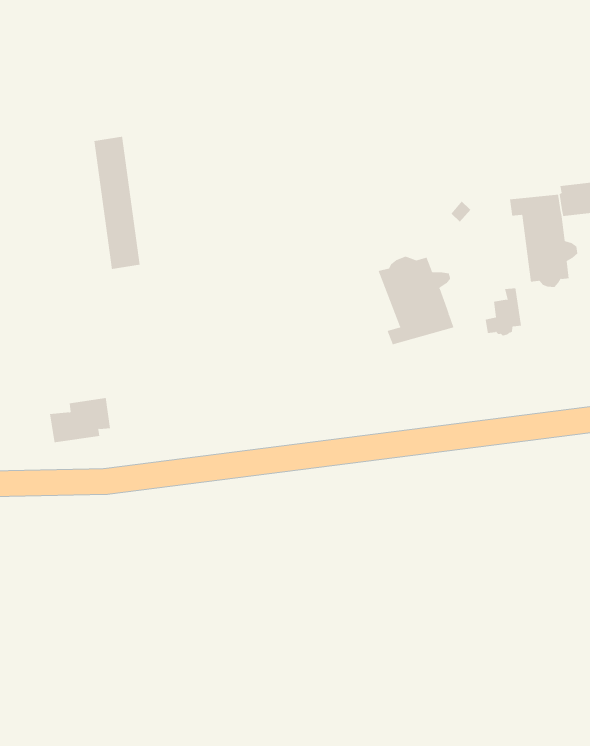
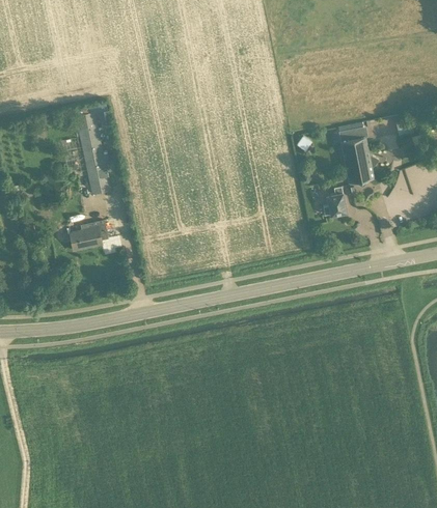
building: [378,256,454,345] -> none
building: [49,398,111,443] -> [70,220,108,250]

